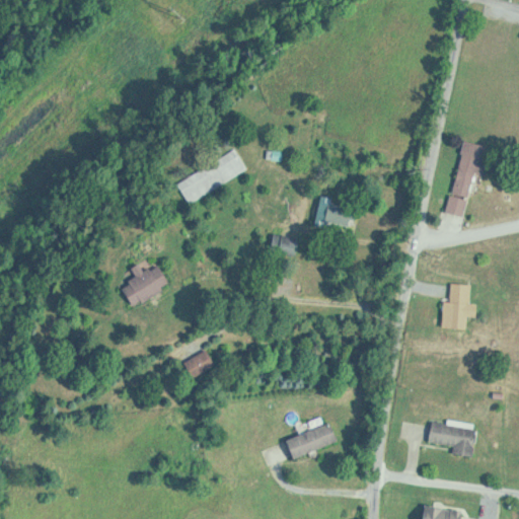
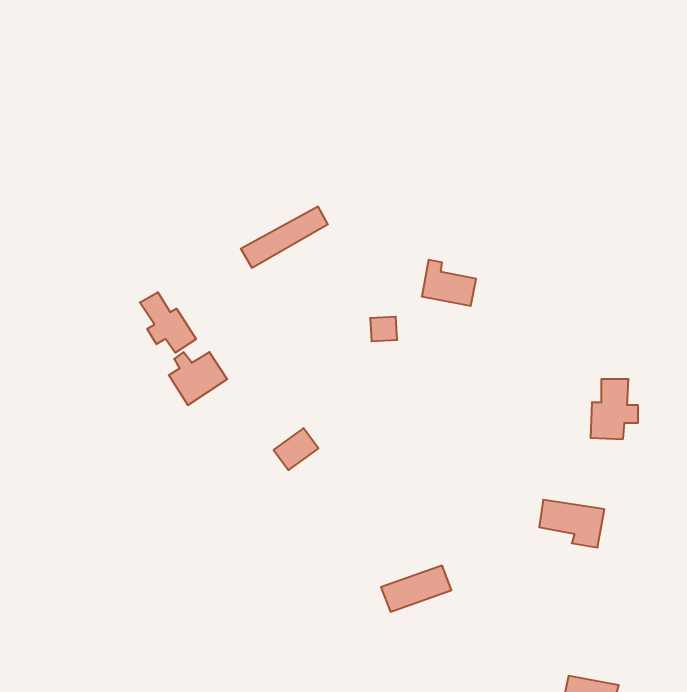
building: [445,141,488,218] -> none
building: none -> [140,292,196,353]
building: [180,349,214,380] -> [274,428,318,470]
building: [427,422,475,457] -> [539,500,604,547]

